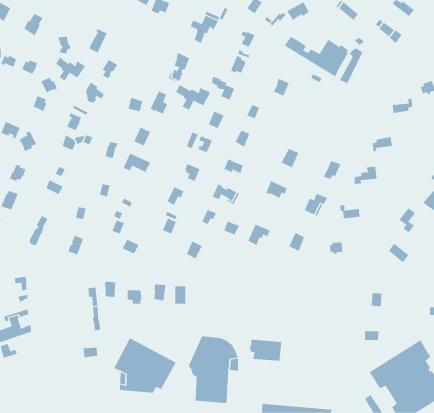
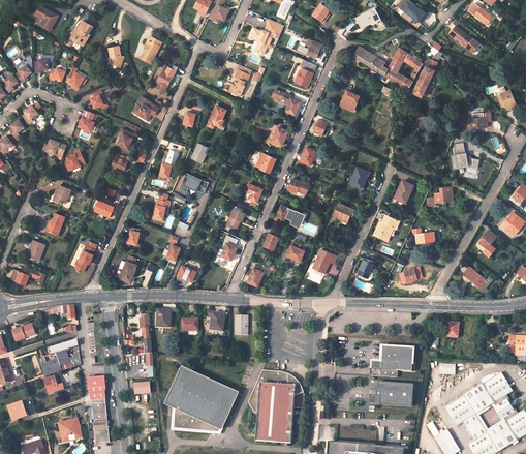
building: [55,57,86,82] -> none
building: [176,84,211,111] -> none
building: none -> [380,347,412,372]
building: [250,339,282,361] -> [376,383,411,406]
building: none -> [89,377,110,444]
building: none -> [58,420,82,443]

